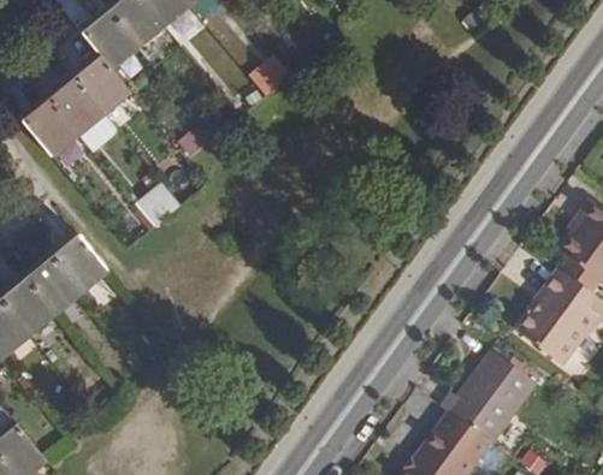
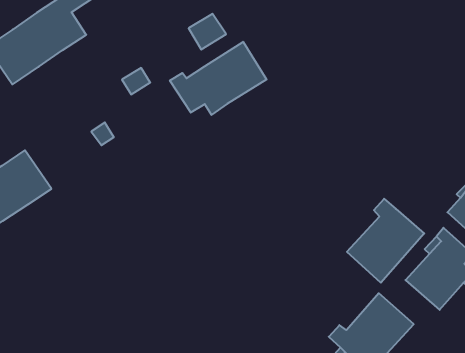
building: none -> [170,42,267,115]
building: none -> [347,199,424,283]

